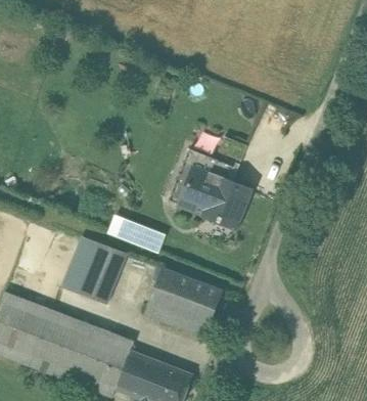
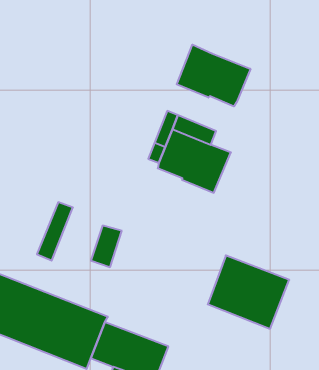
building: none -> [177,45,250,106]
building: [105,212,166,251] -> none
building: [78,241,127,303] -> none
building: [144,266,223,337] -> [208,255,289,329]

